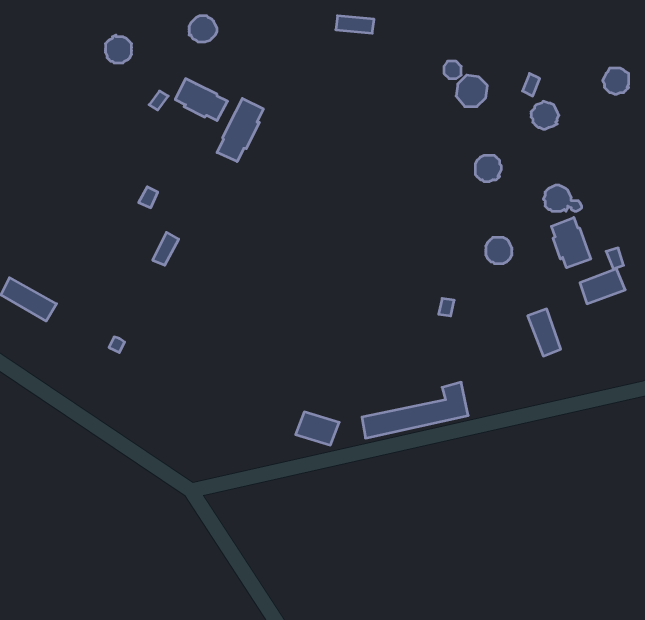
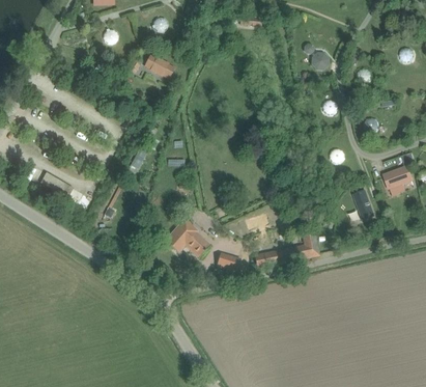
building: [217,98,263,162] -> none
building: [551,217,591,268] -> none
building: none -> [163,218,209,257]

